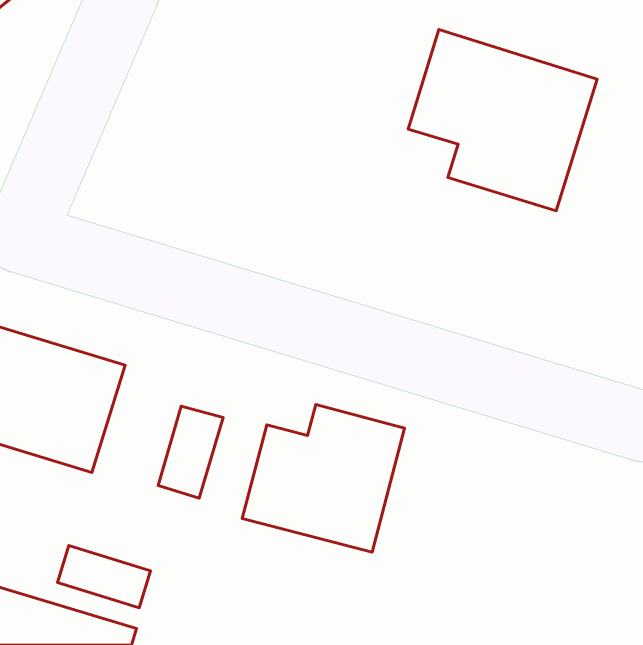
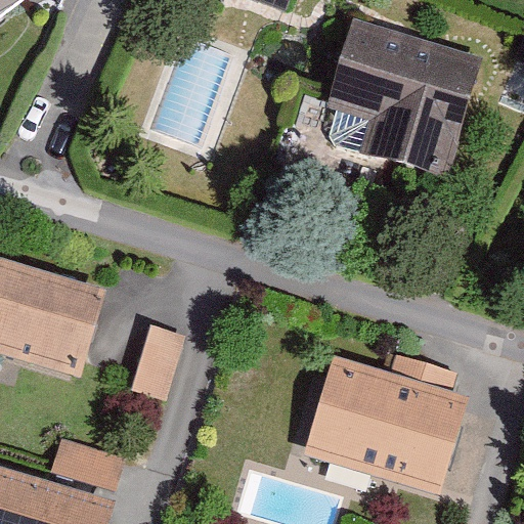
building: [242,404,405,552] -> none
building: none -> [308,355,470,487]

